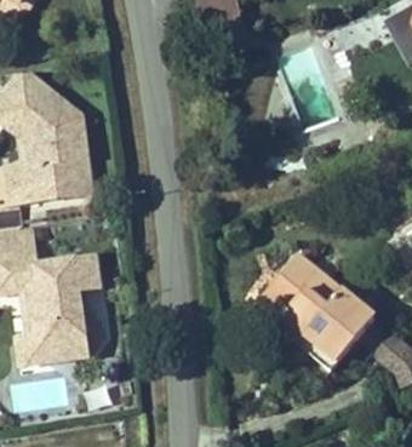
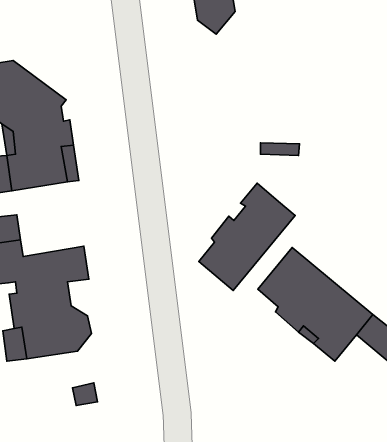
building: none -> [199,183,295,290]

